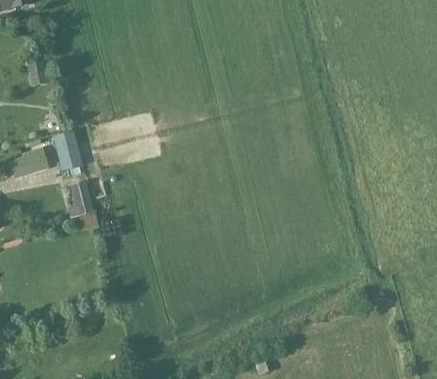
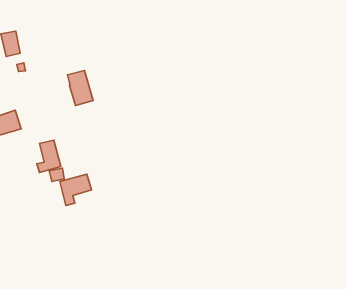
building: [52,129,81,169] -> [68,70,93,106]
building: none -> [60,174,91,205]

